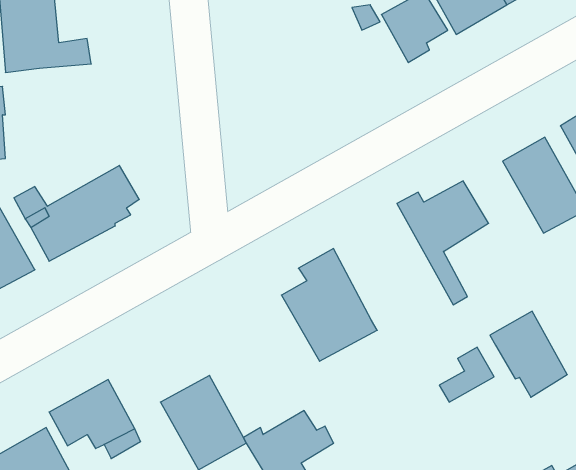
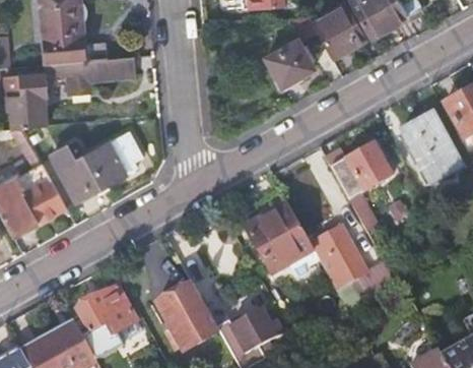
building: none -> [267,40,314,86]
building: none -> [69,55,134,91]
building: [490,311,567,397] -> [309,226,364,288]

